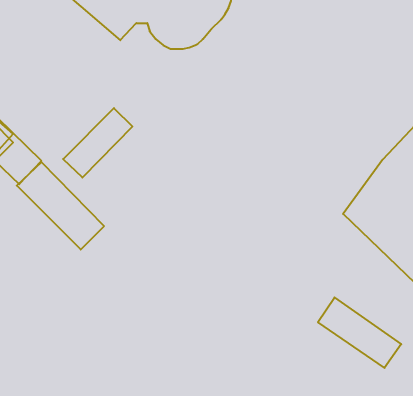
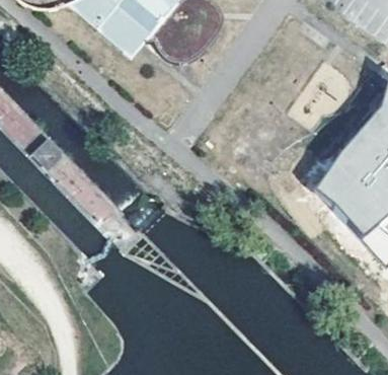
building: [63,108,132,178] -> none
building: [318,297,401,368] -> none

